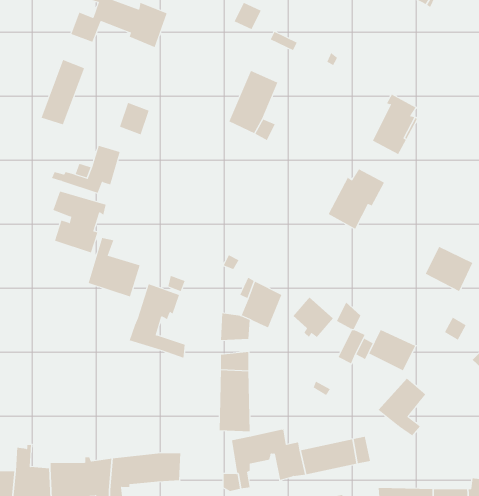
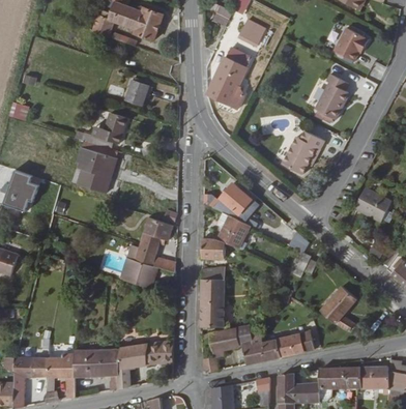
building: none -> [335,27,369,60]
building: [41,59,85,125] -> none
building: [88,237,140,297] -> [118,244,157,289]
building: [292,296,334,338] -> [221,182,252,213]
building: [369,329,416,371] -> none

